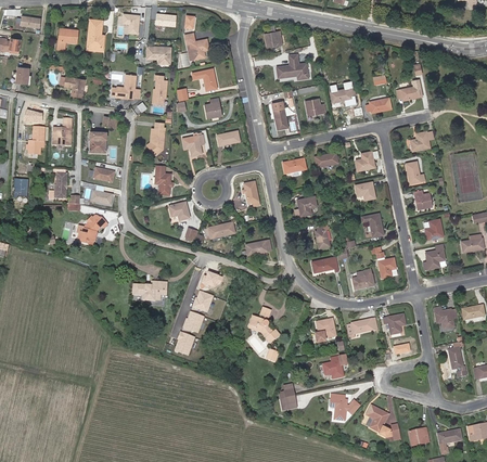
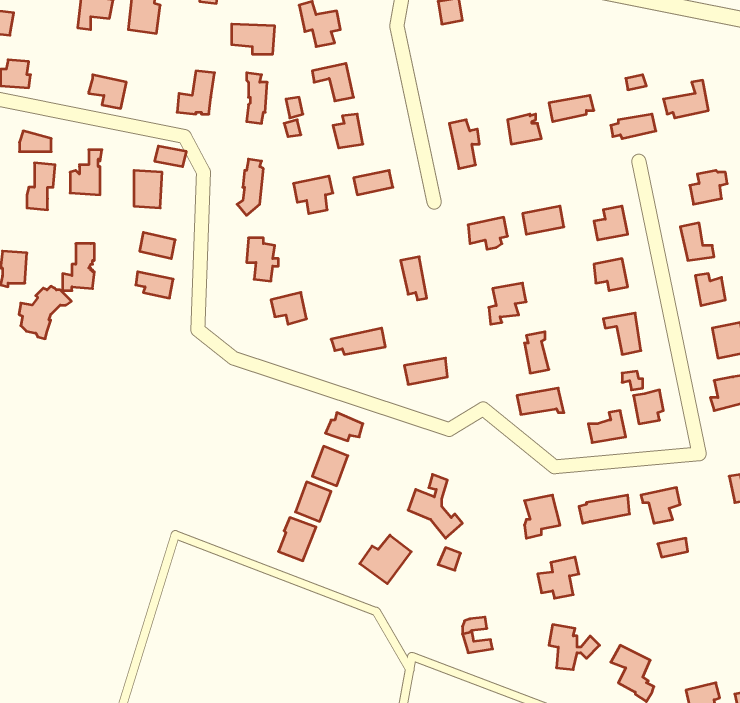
building: [277,55,308,80] -> none
building: [77,216,107,246] -> [19,286,71,339]
building: [132,281,167,300] -> none
building: none -> [360,535,411,584]

